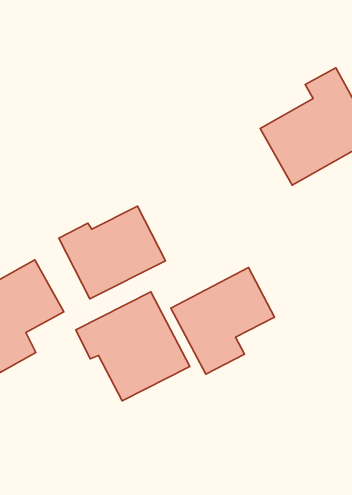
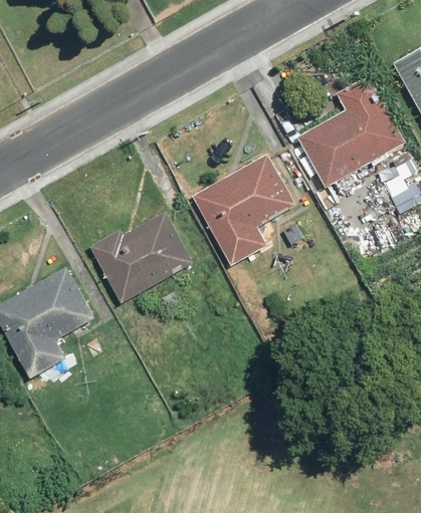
building: [171,267,274,374] -> [191,155,295,262]
building: [76,292,190,401] -> none

